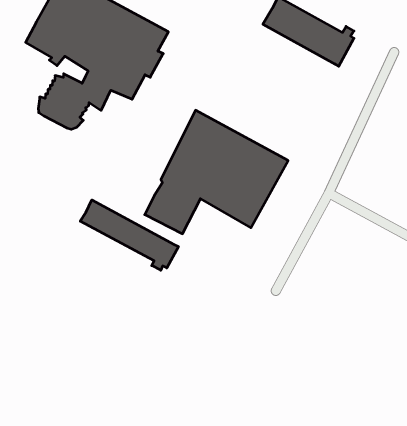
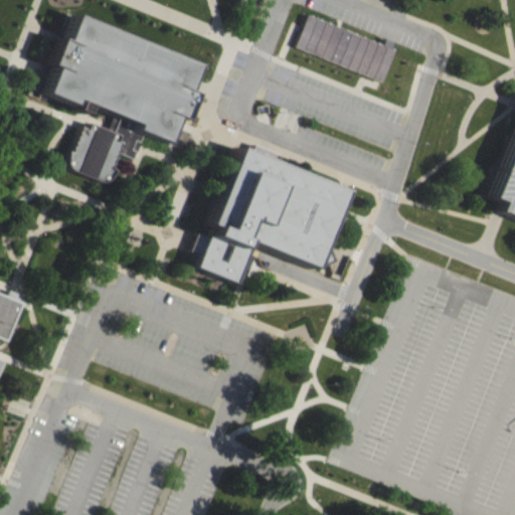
building: [80,200,178,270] -> none

